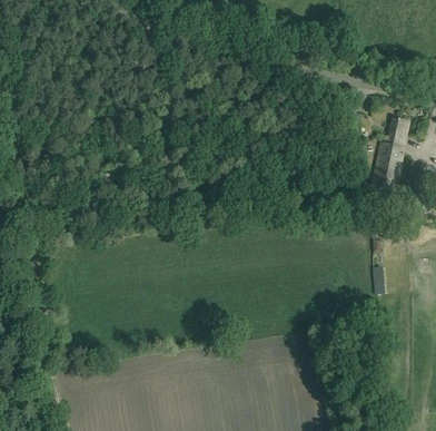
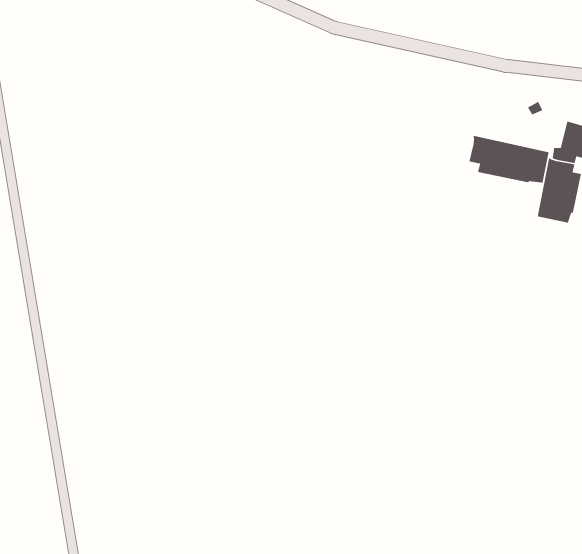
building: none -> [468,135,550,183]

